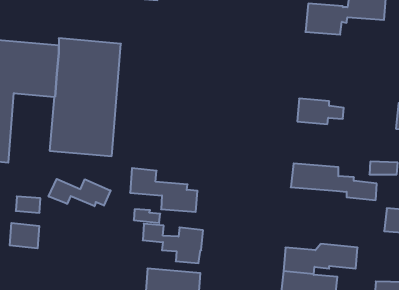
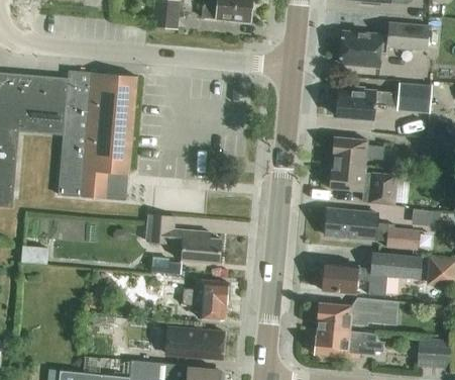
building: none -> [335,84,432,118]
building: none -> [328,162,395,204]
building: [49,179,111,206] -> none
building: none -> [321,253,422,296]
building: [10,223,39,248] -> none

